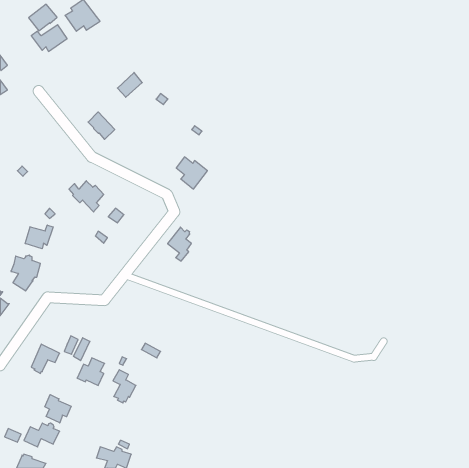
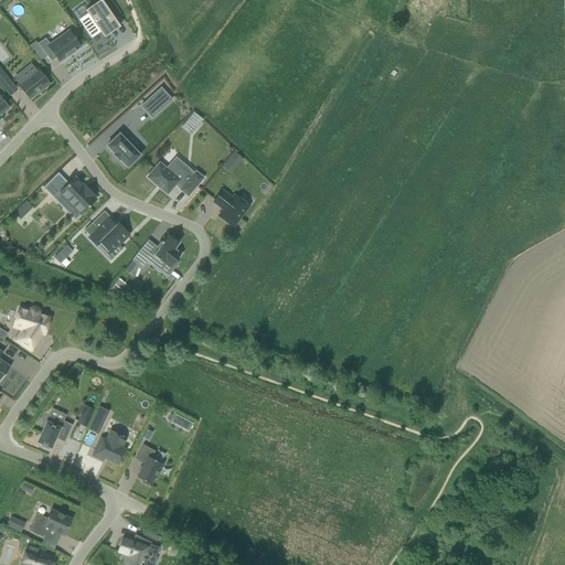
building: [29,4,57,31] -> [17,67,51,99]
building: none -> [148,160,203,194]
building: none -> [42,172,95,218]
building: [25,225,53,249] -> none
building: [168,227,191,261] -> [151,234,180,275]
building: [45,395,71,423] -> none

